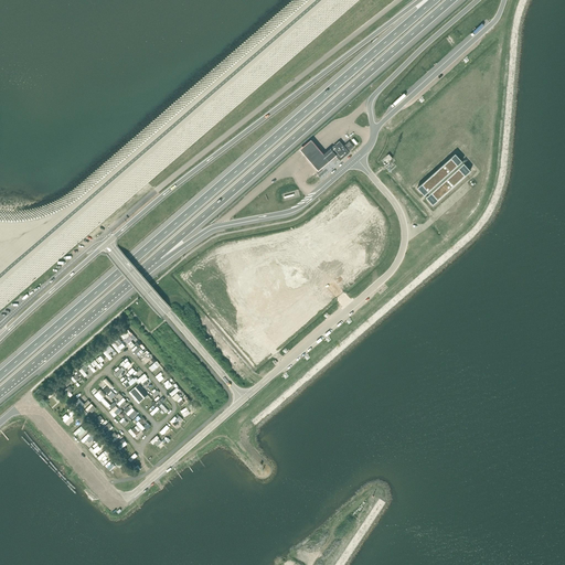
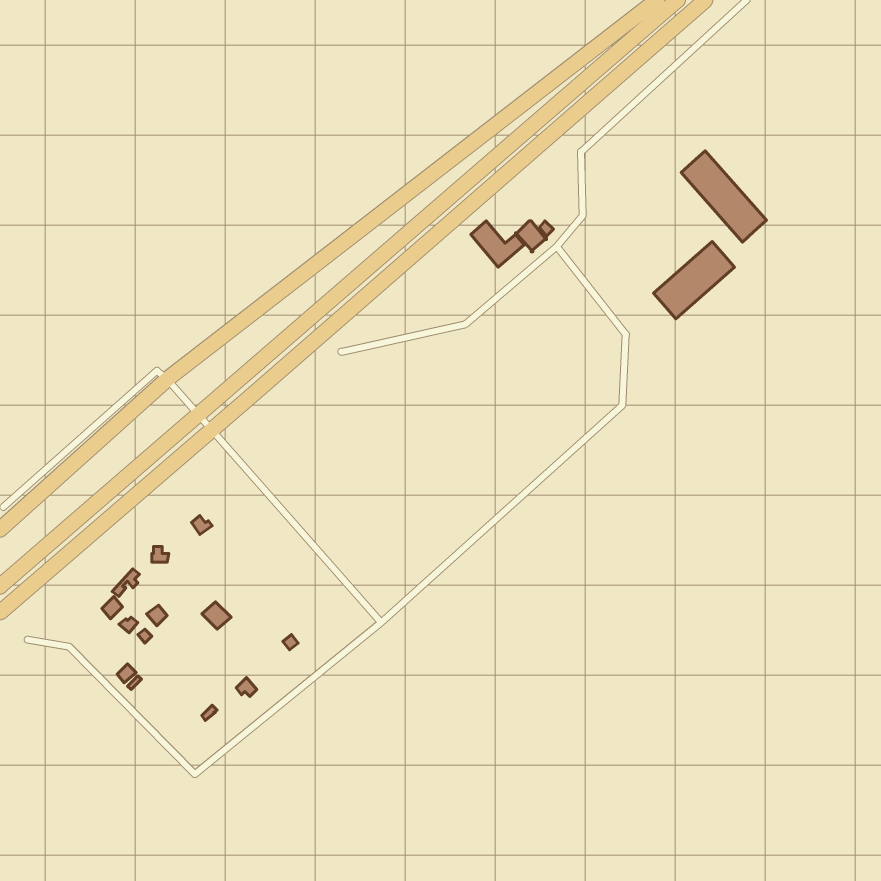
building: none -> [681,151,766,242]

